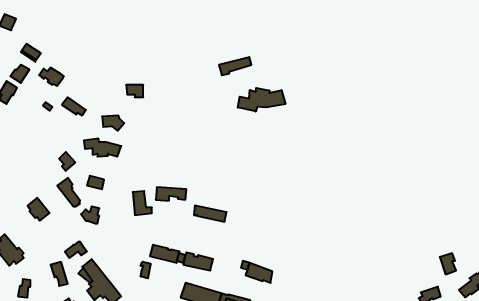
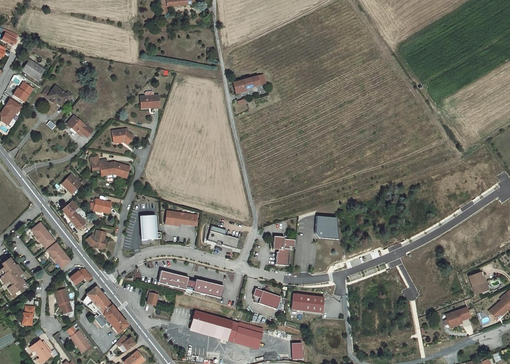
building: [238,88,285,112] -> none
building: none -> [315,216,338,239]
building: none -> [272,236,294,265]
building: none -> [44,237,70,268]
building: none -> [291,292,325,312]

